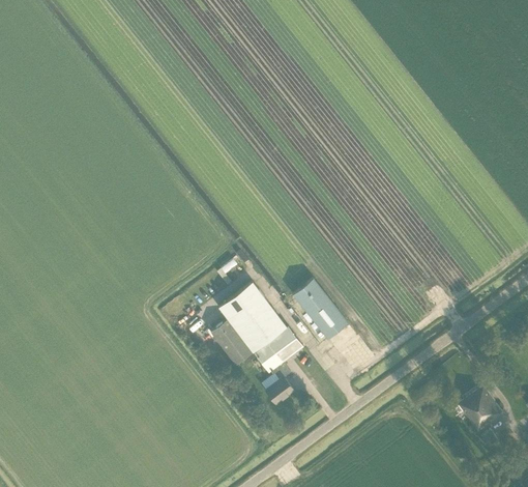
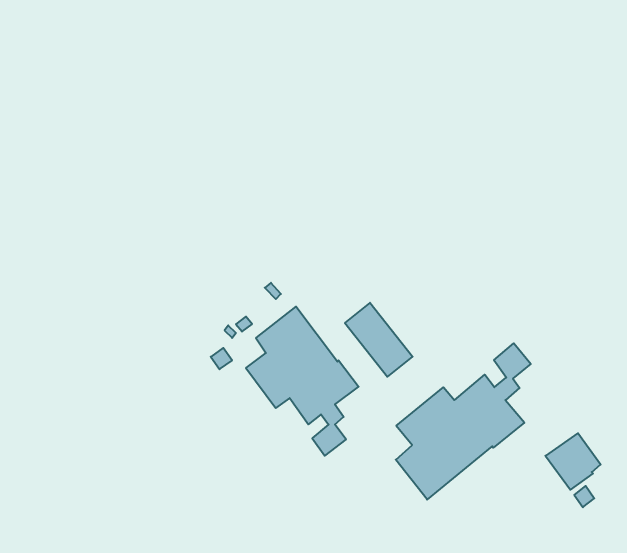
building: none -> [396,343,531,500]

